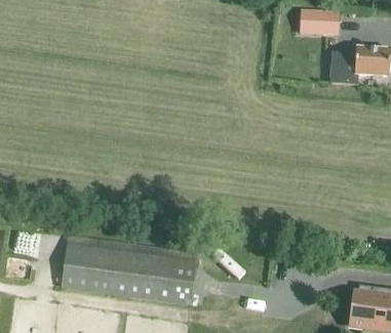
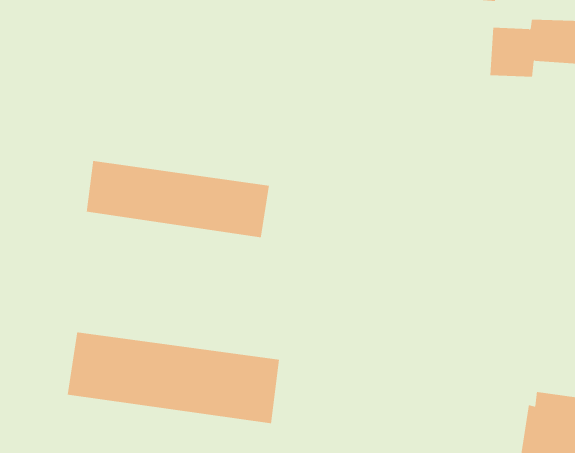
building: none -> [86,160,270,238]

